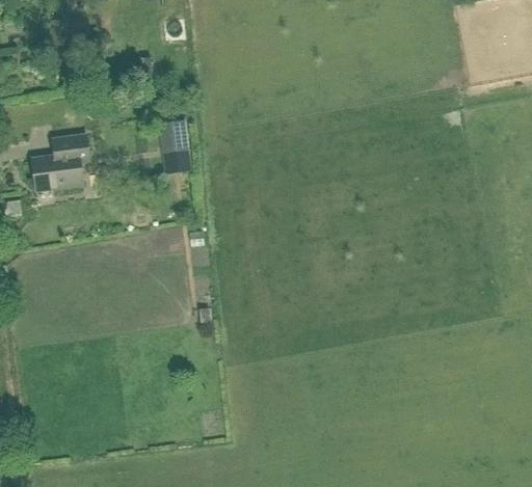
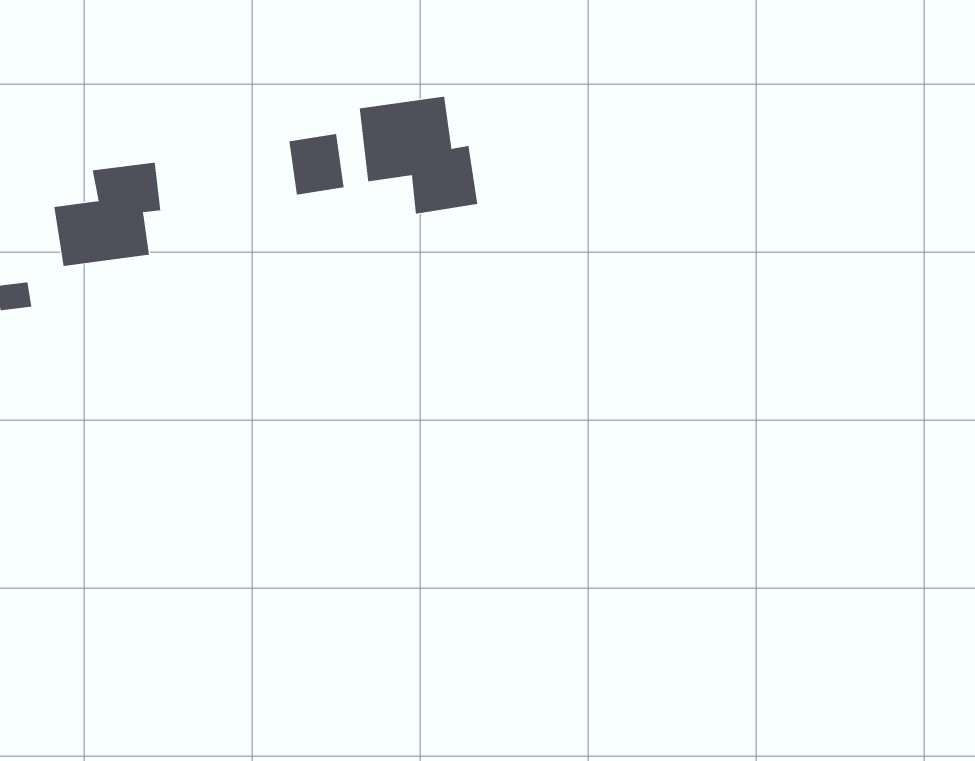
building: none -> [359,96,478,215]

